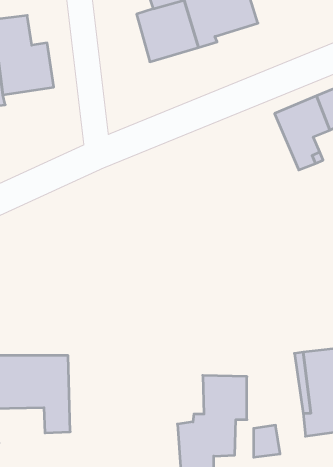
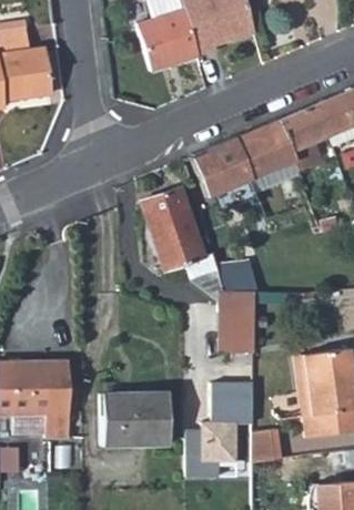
building: none -> [192,120,301,197]
building: none -> [143,188,223,278]
building: none -> [223,290,257,351]
building: none -> [94,391,164,448]

